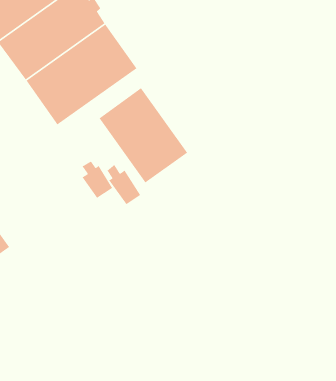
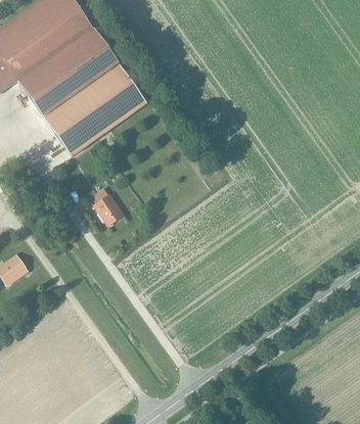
building: [98,87,188,184] -> none
building: [106,164,141,205] -> none

